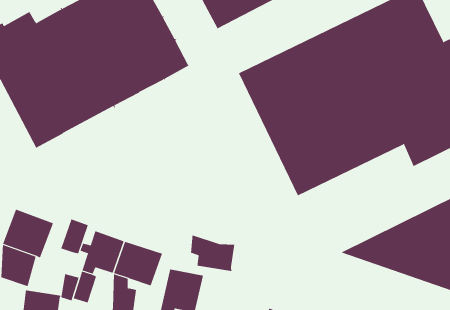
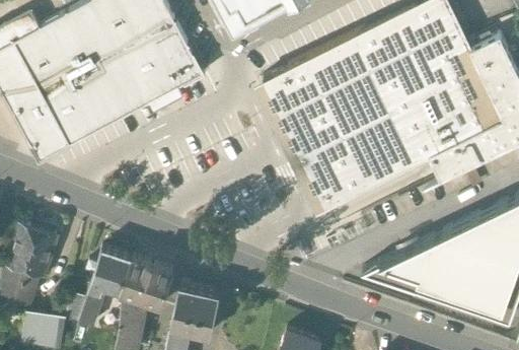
building: [60,219,89,254] -> none
building: [191,235,235,272] -> none

